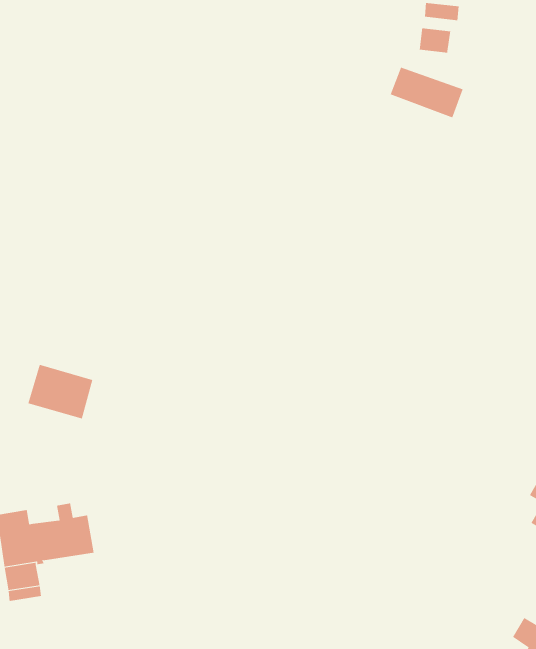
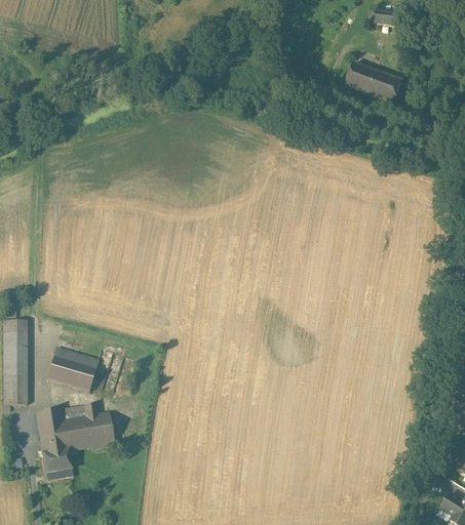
building: [419,27,451,54] -> none
building: [27,364,93,419] -> [46,347,98,390]

